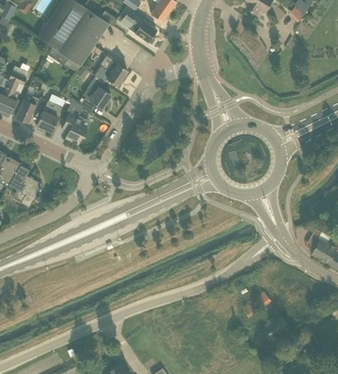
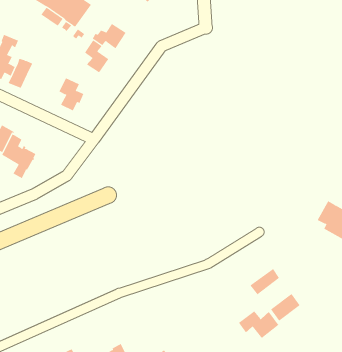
building: [36,101,61,132] -> none
building: none -> [238,310,279,339]

